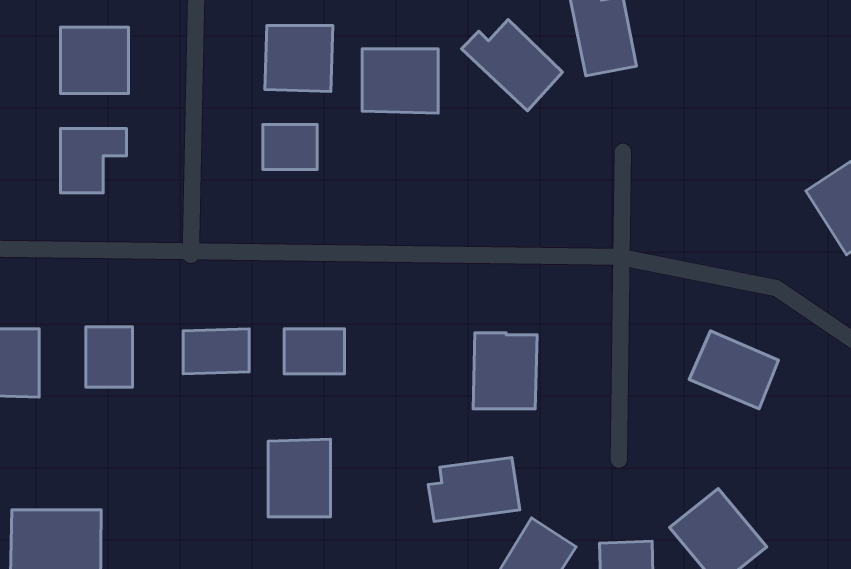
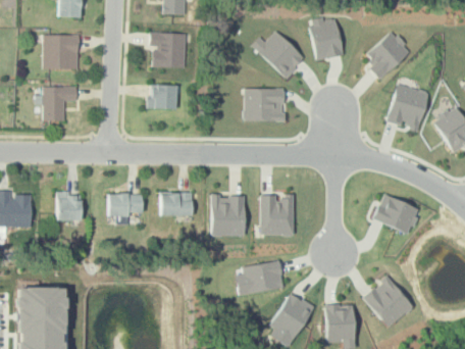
building: none -> [368,31,412,80]
building: [362,49,438,113] -> [245,88,285,121]
building: none -> [387,83,429,131]
building: [268,439,331,517] -> [211,195,244,236]

